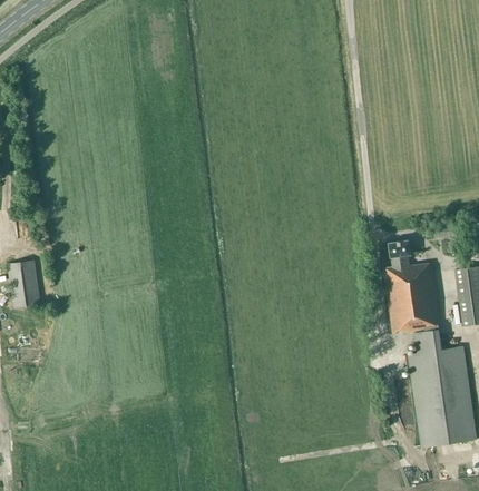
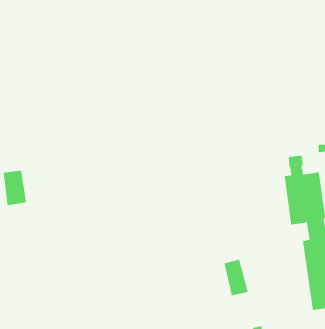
building: none -> [224,259,248,296]

